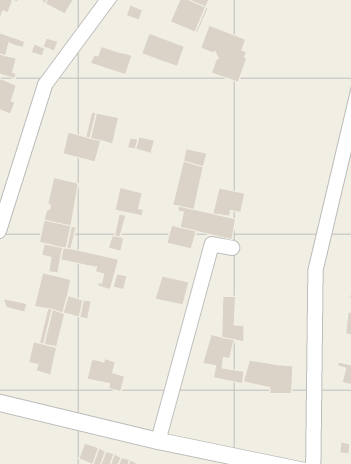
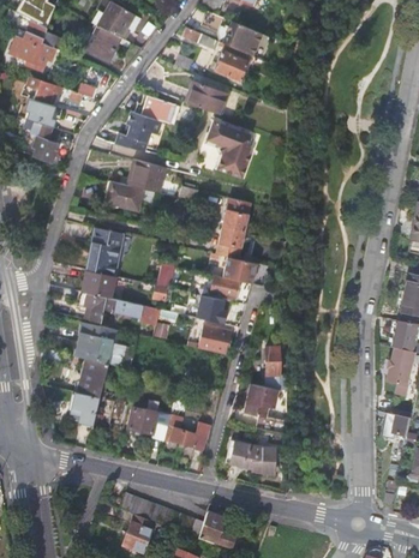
building: [200,25,247,82] -> [204,120,251,178]
building: none -> [115,110,161,151]
building: [115,187,144,216] -> [197,294,226,323]
building: [213,188,245,217] -> none
building: [243,360,293,393] -> [226,439,276,473]
building: none -> [164,413,211,451]

